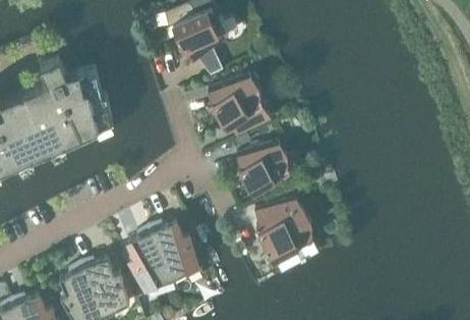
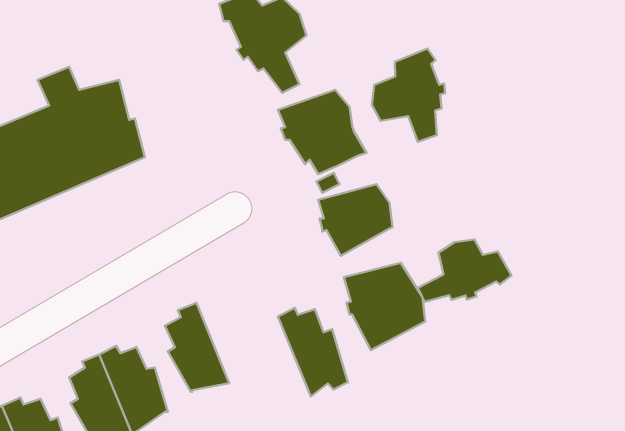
building: none -> [372,48,445,142]
building: none -> [418,239,512,302]
building: [150,221,199,284] -> [278,308,348,397]

